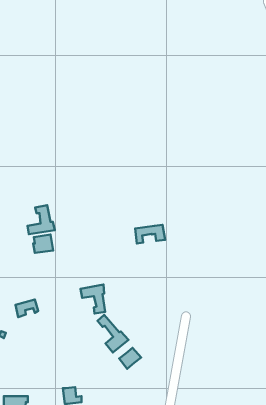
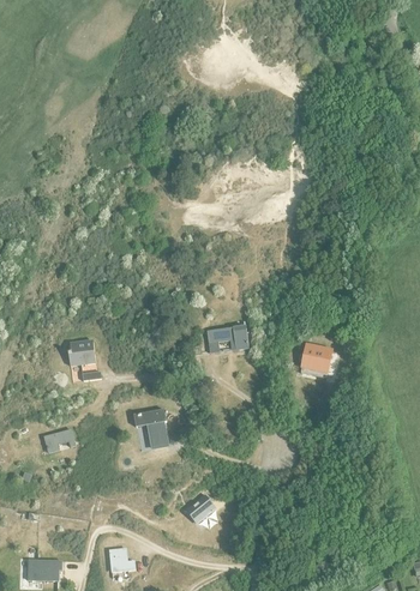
building: [28,205,55,234] -> none
building: none -> [299,342,332,373]
building: [97,315,129,353] -> none

